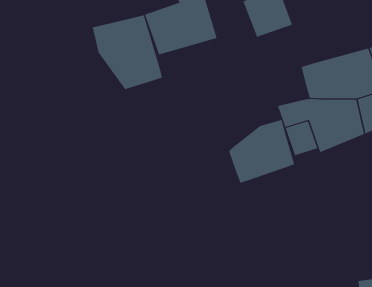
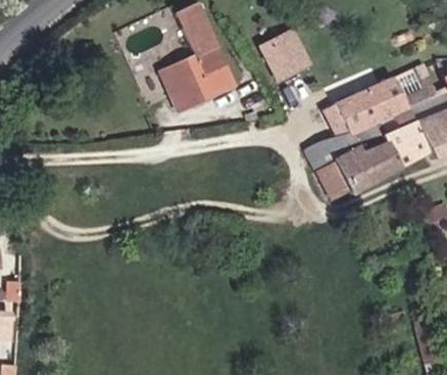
building: [92,15,163,90] -> none
building: [228,119,295,183] -> none

